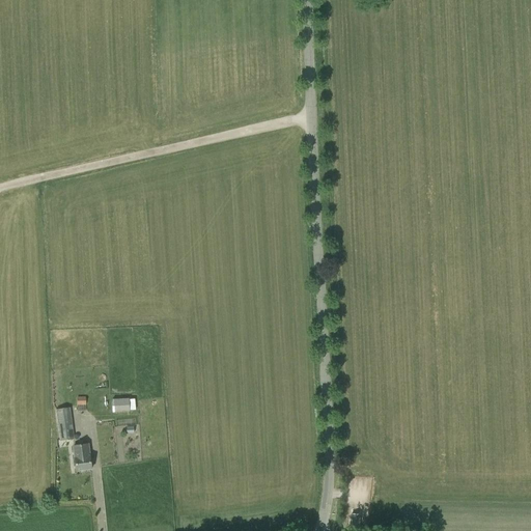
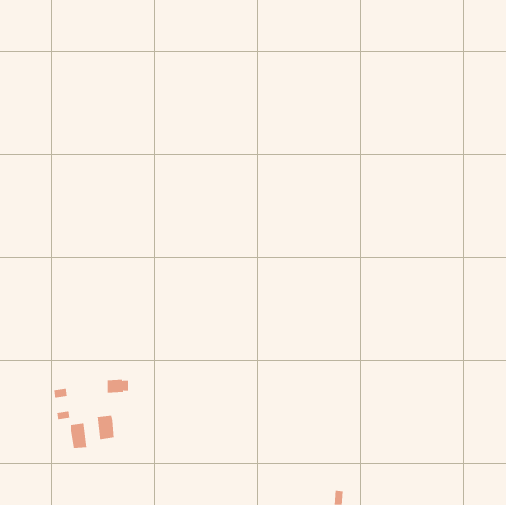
building: none -> [97,415,114,440]

